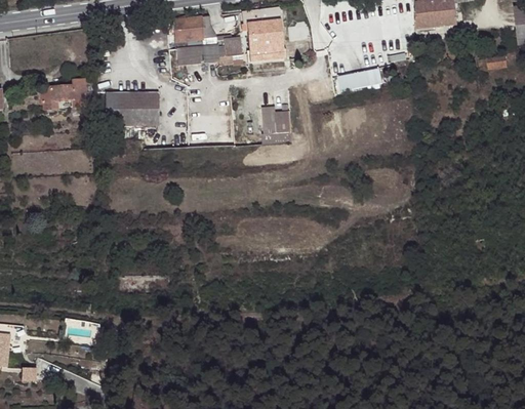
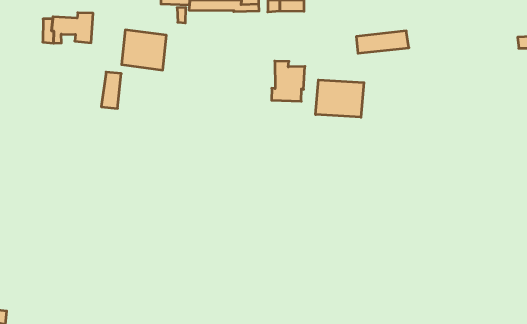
building: [105,91,120,124] -> [101,72,121,108]
building: none -> [316,80,364,117]

